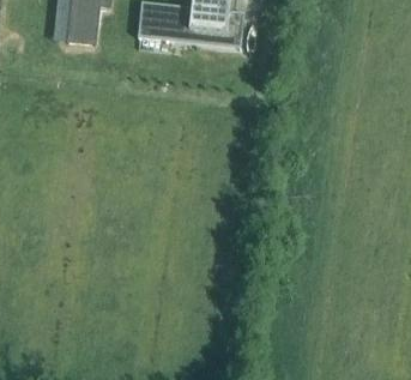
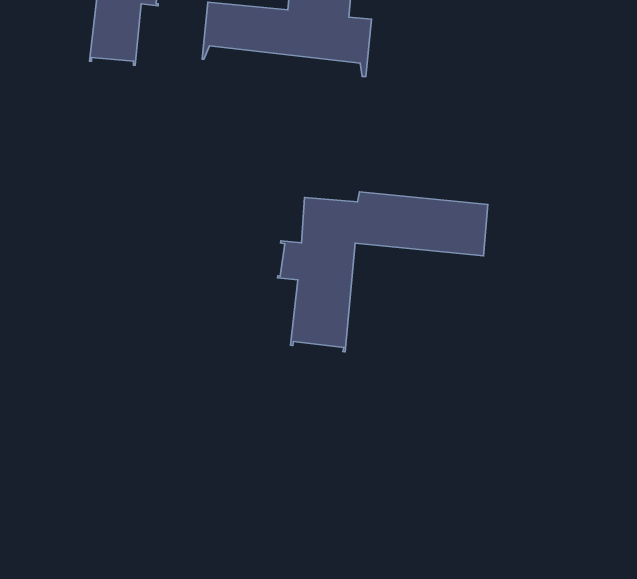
building: none -> [277,192,488,352]

